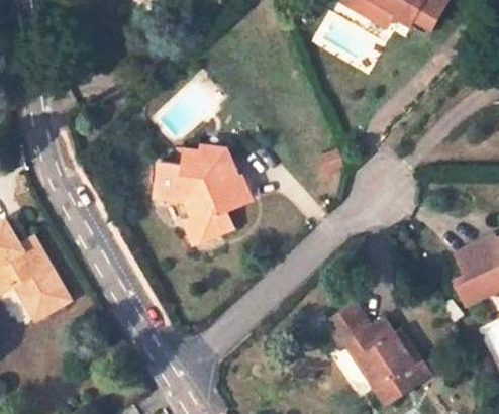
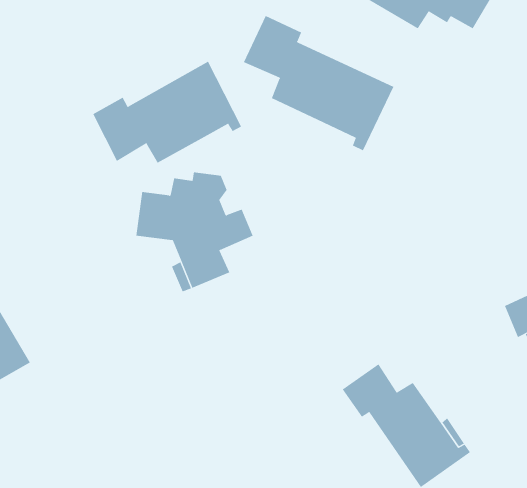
building: none -> [243,15,394,151]
building: none -> [92,61,242,164]

